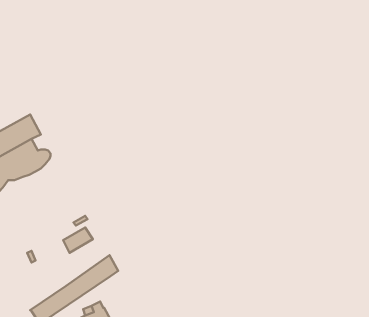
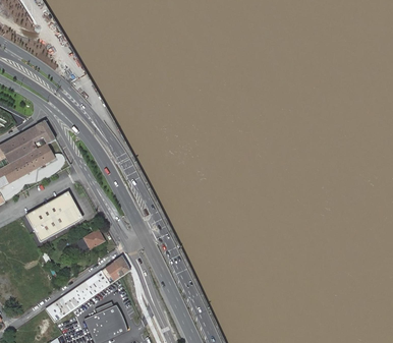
building: none -> [25,192,81,241]

